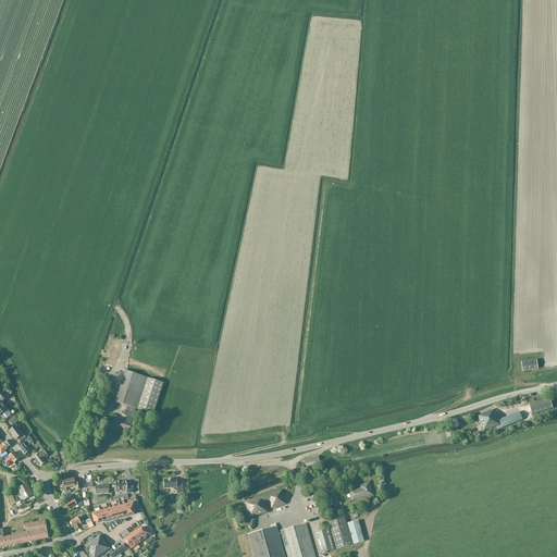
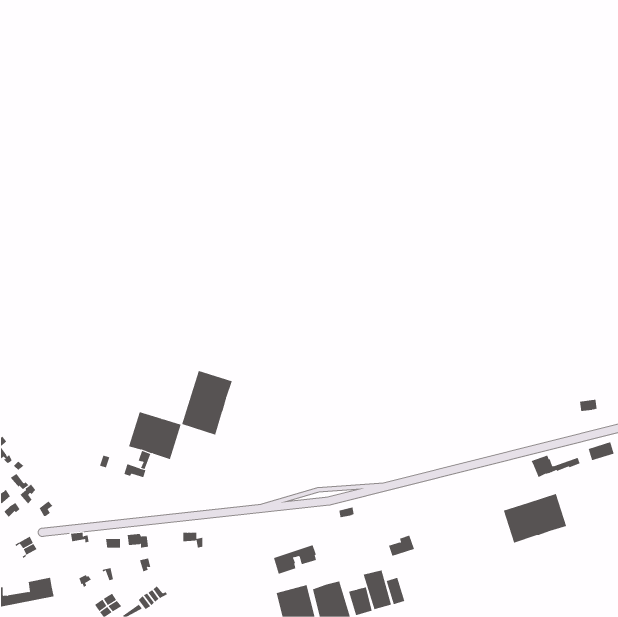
building: none -> [181,370,232,435]
building: none -> [503,493,567,544]

